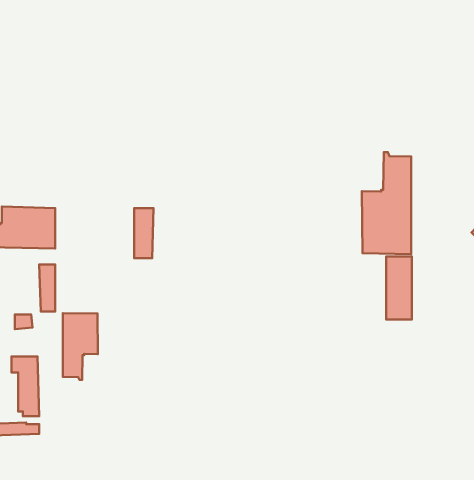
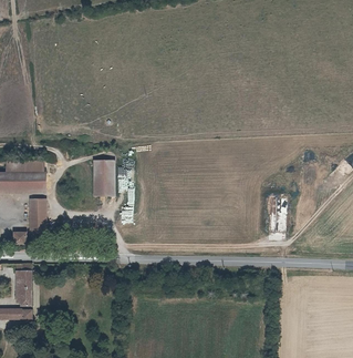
building: [362,152,411,254] -> none
building: [63,313,98,380] -> none

